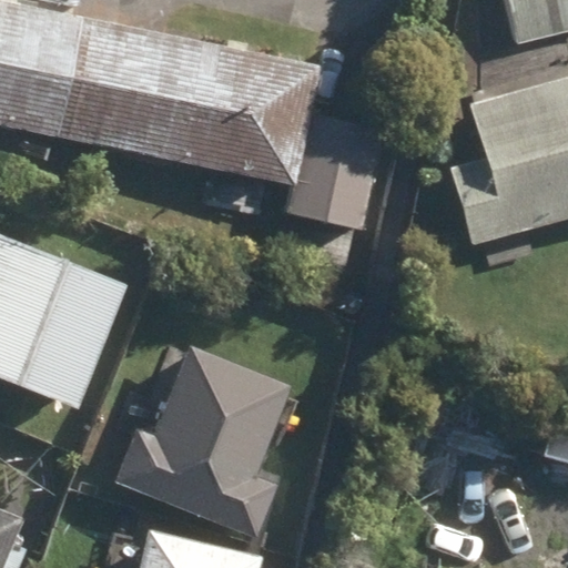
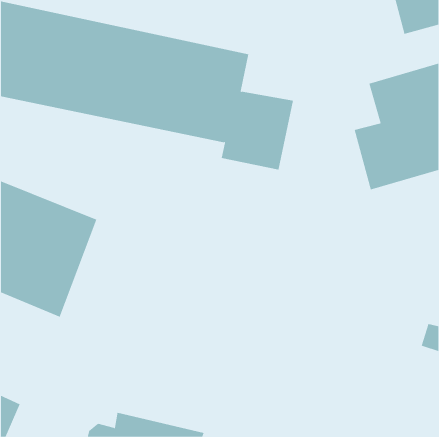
building: [113,343,292,538] -> none

